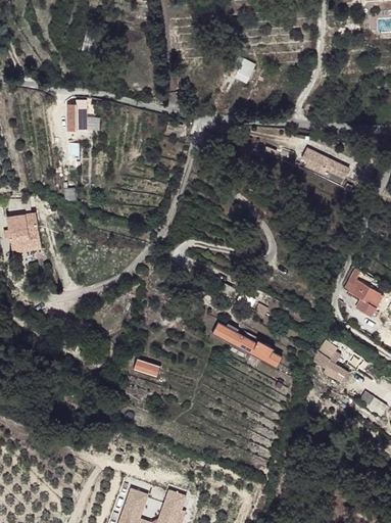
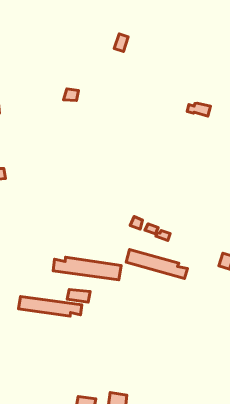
building: none -> [53,257,121,280]
building: none -> [19,297,82,316]

